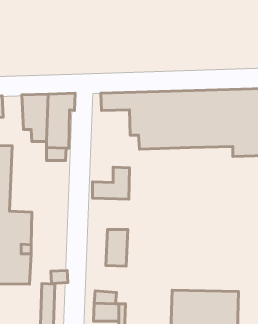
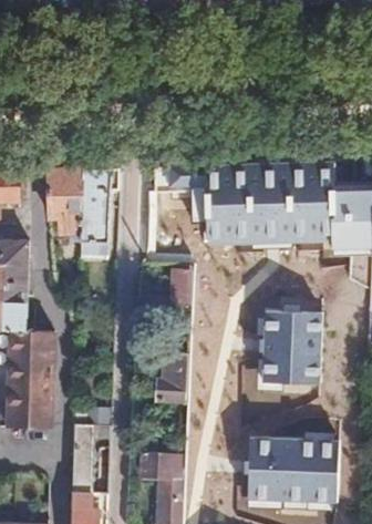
building: none -> [264,311,323,386]

